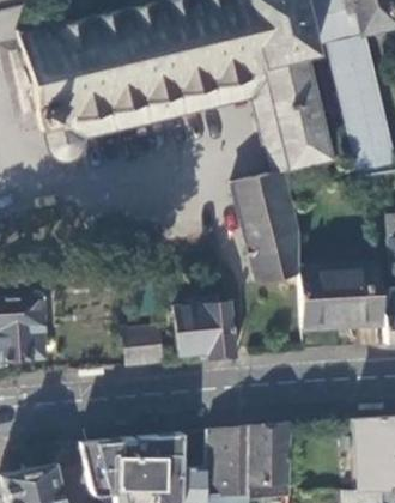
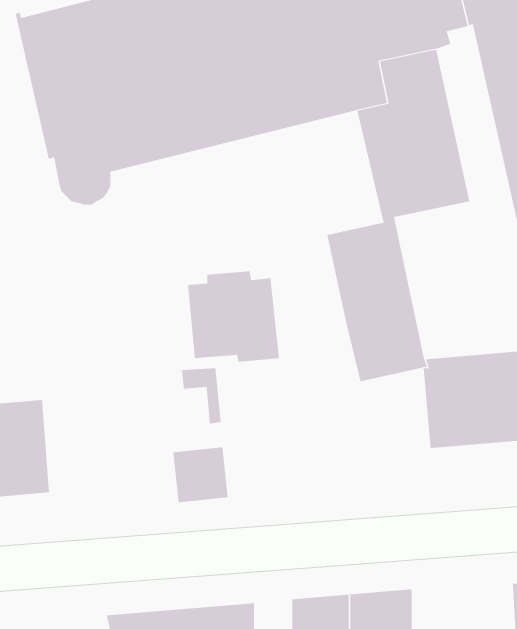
building: [175,296,238,358] -> [187,271,280,362]

